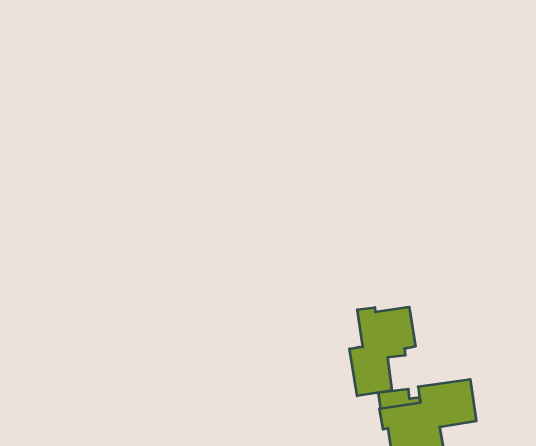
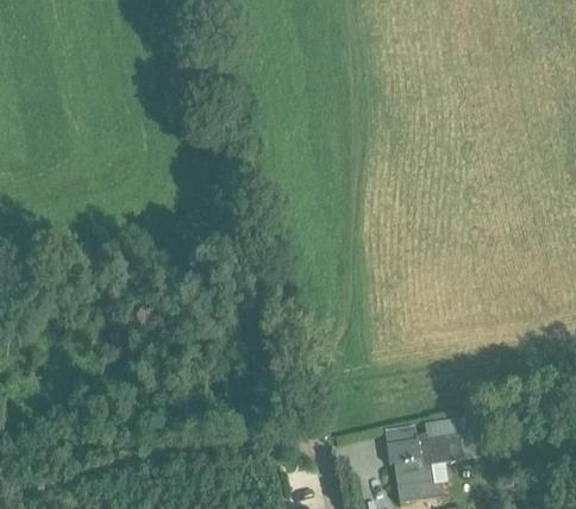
building: [350,307,415,396] -> none

